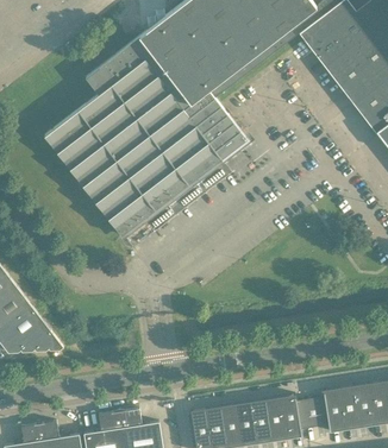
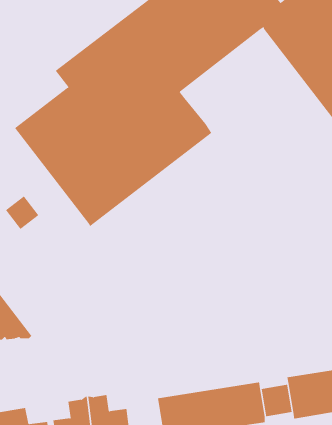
building: none -> [5,195,39,230]

